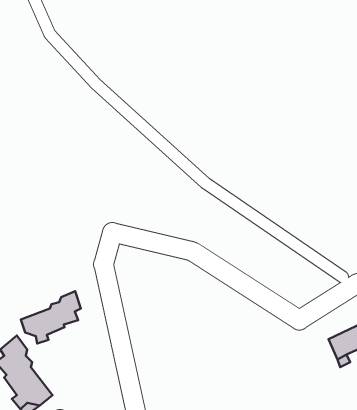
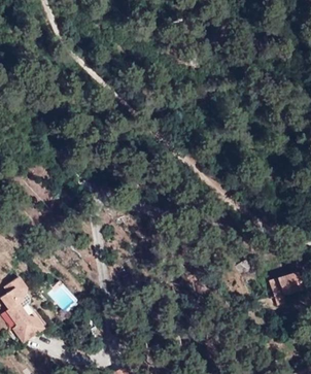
building: [21,291,81,343] -> none

